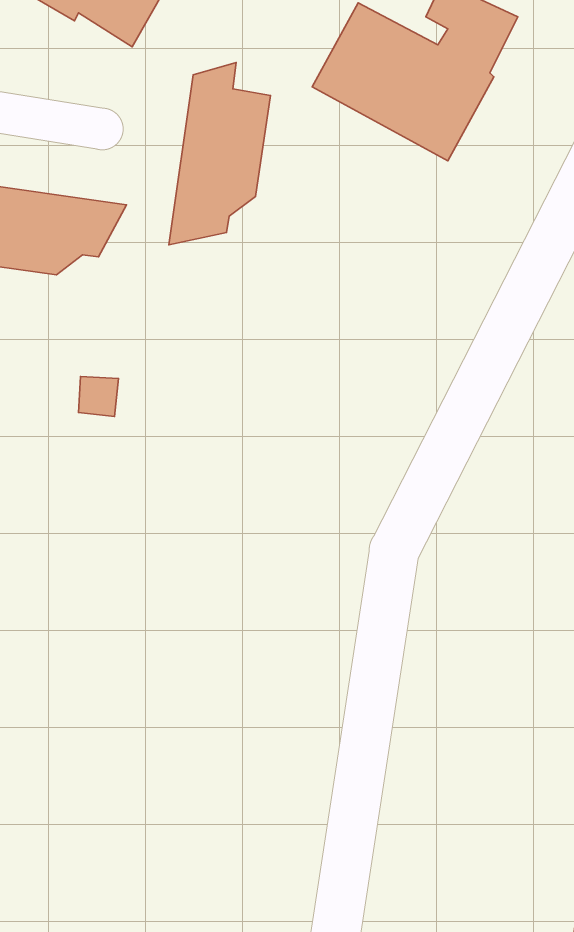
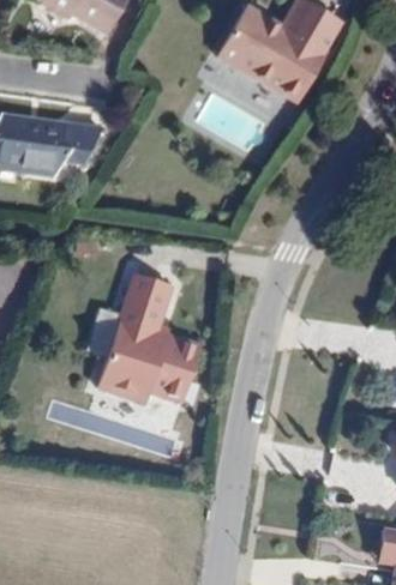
building: [169,62,270,245] -> none
building: none -> [104,270,203,394]

